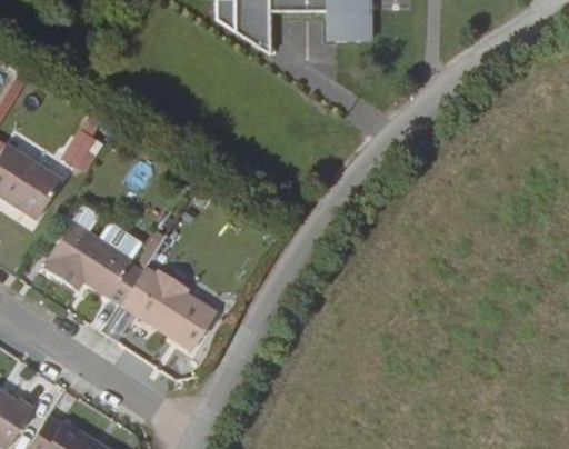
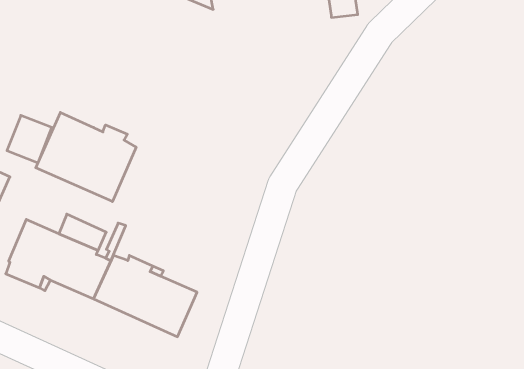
building: none -> [36,112,136,202]

